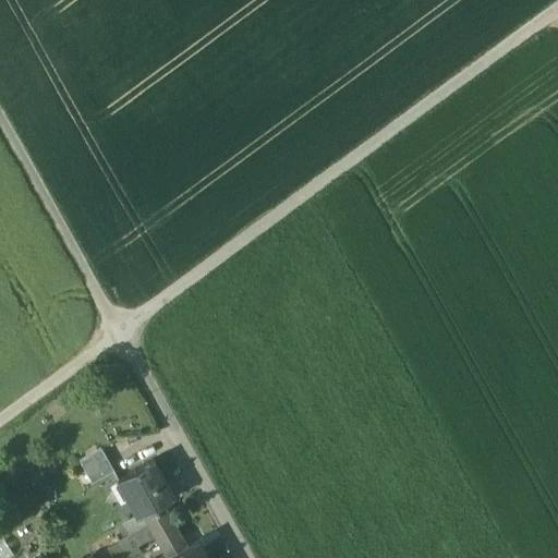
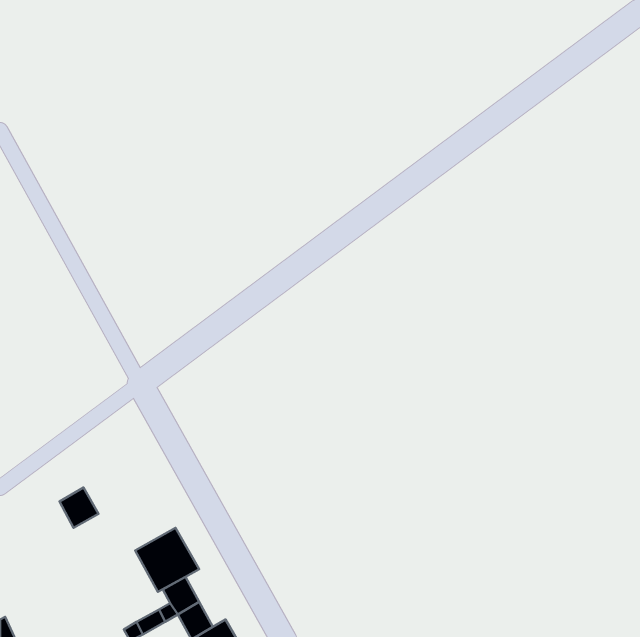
building: [80,450,113,485] -> [60,488,98,528]

